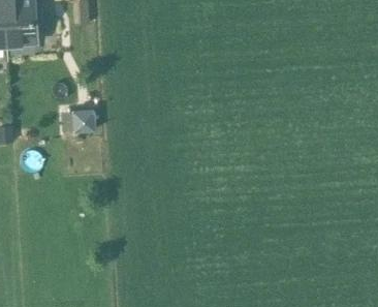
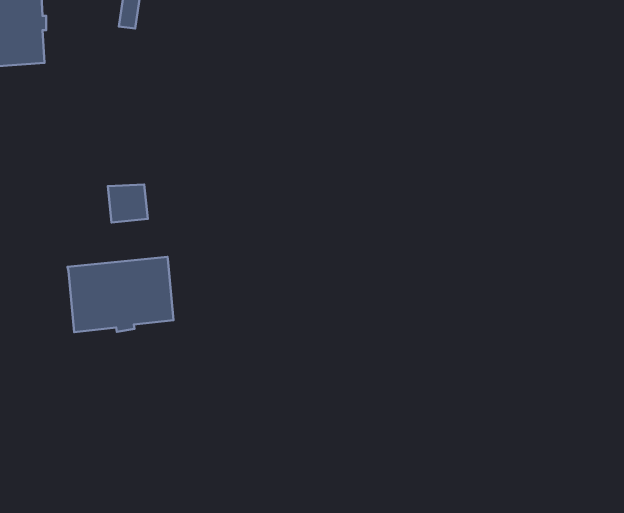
building: none -> [68,257,174,332]

